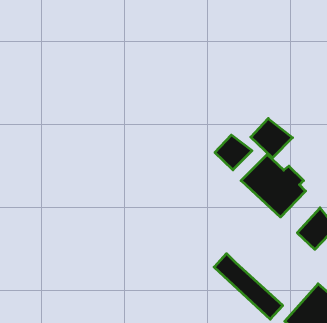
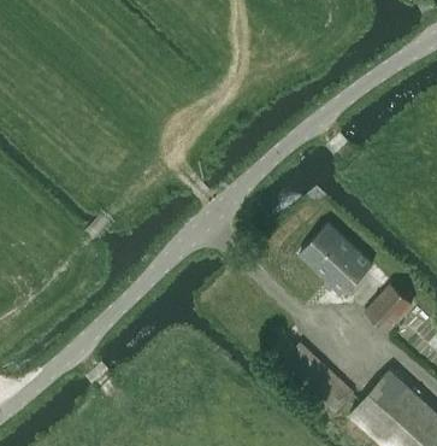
building: [251,118,293,158] -> none
building: [215,135,252,170] -> none

